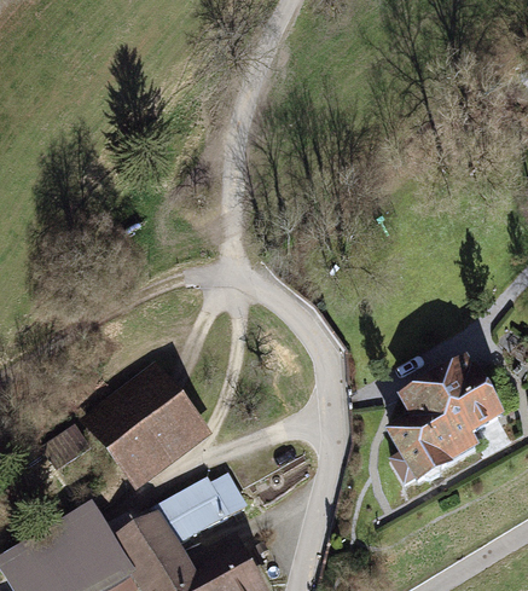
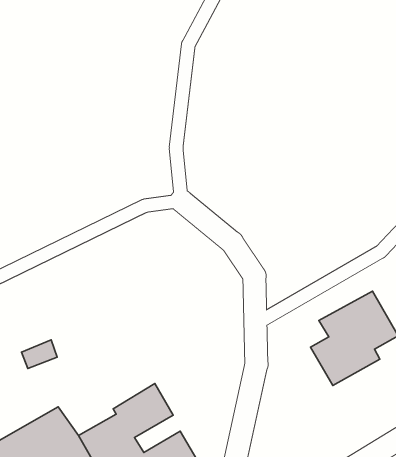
building: [81,360,209,486] -> none

